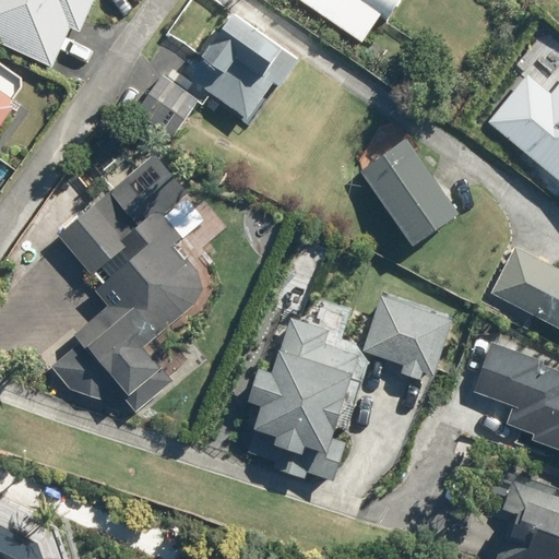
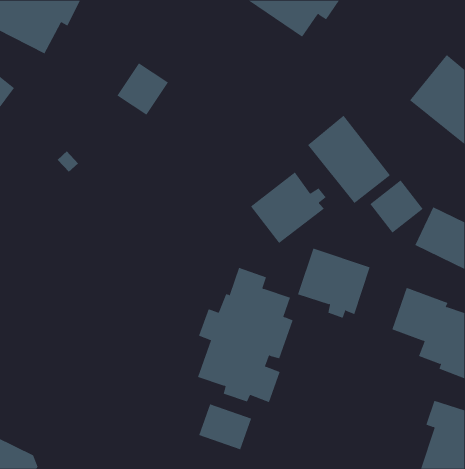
building: [190,12,301,117] -> none
building: [56,152,206,411] -> none
building: none -> [250,172,326,244]
building: none -> [369,180,424,233]
building: none -> [199,403,252,450]

